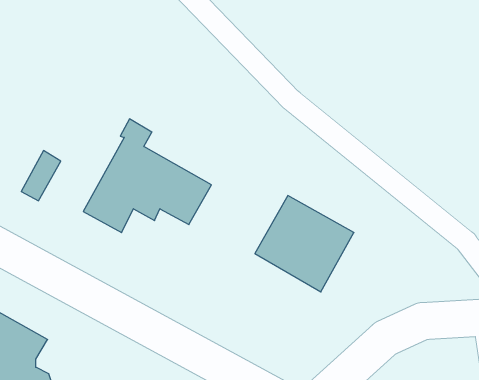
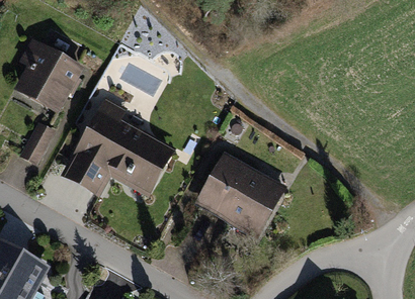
building: none -> [20,46,80,106]

